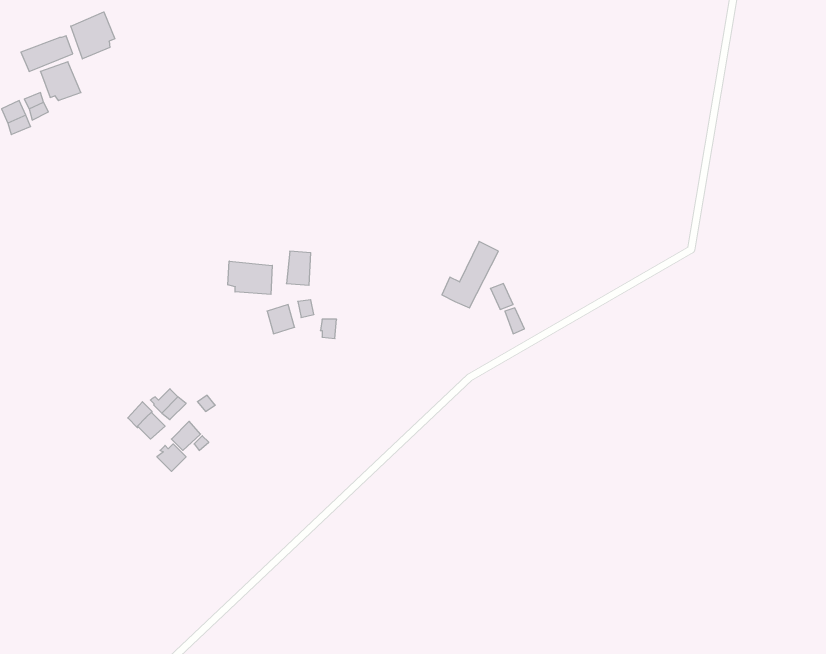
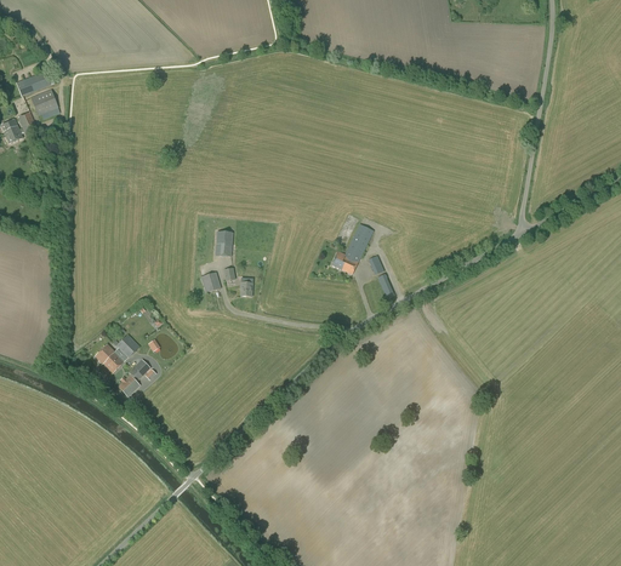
building: [71,12,115,59] -> none
building: [228,261,272,294] -> none

